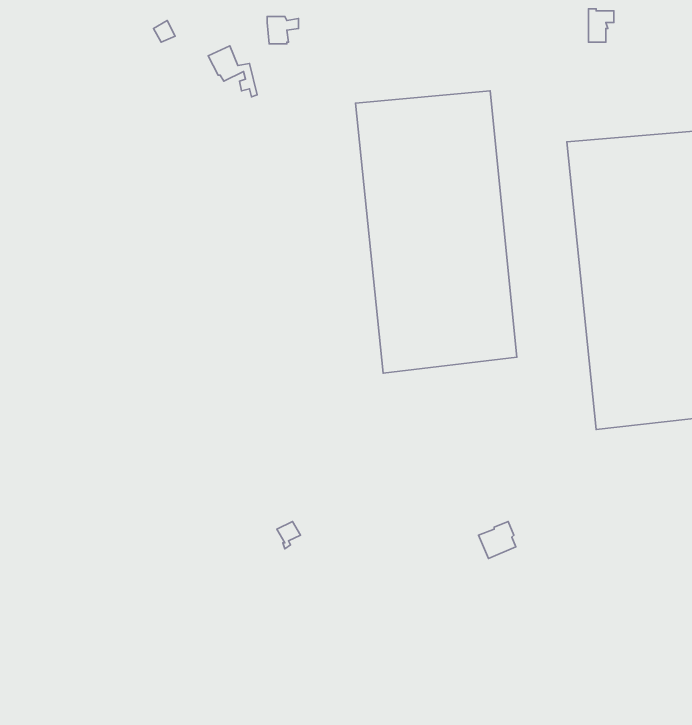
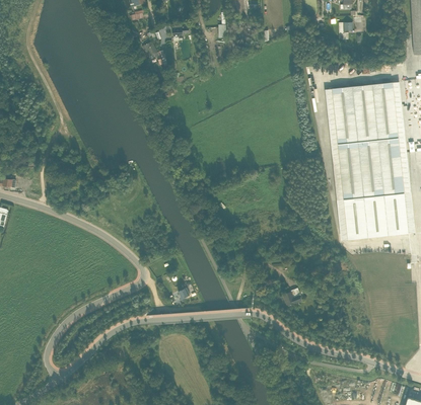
building: [355,91,517,373] -> none

